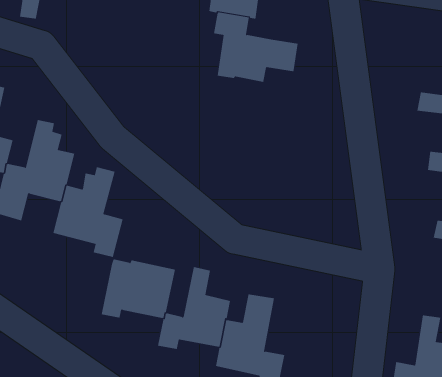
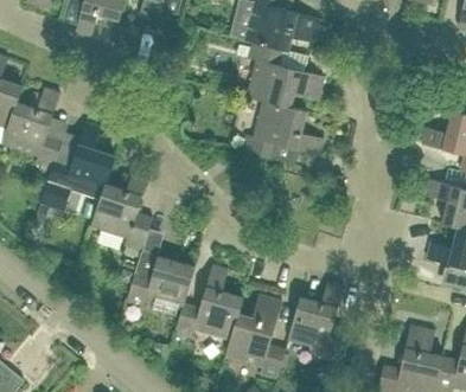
building: none -> [242,101,325,160]
building: none -> [288,282,350,362]

